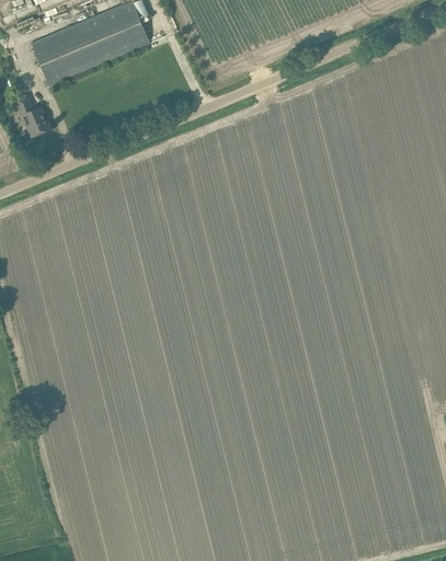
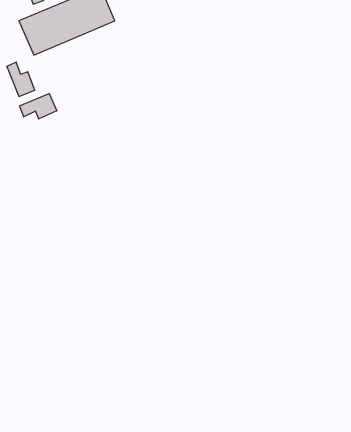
building: none -> [20,94,57,119]

